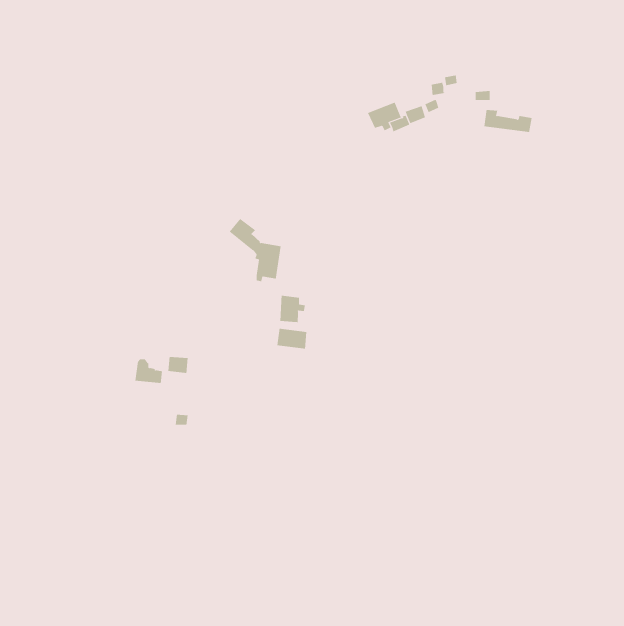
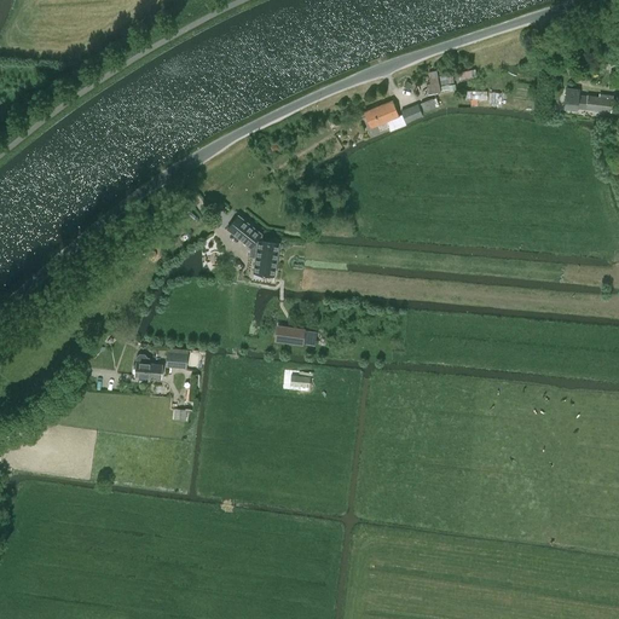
building: [483,109,532,133] -> [563,88,612,111]
building: [280,295,305,324] -> none

